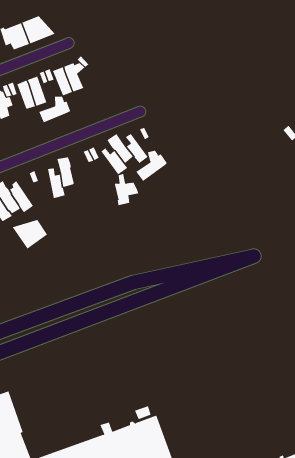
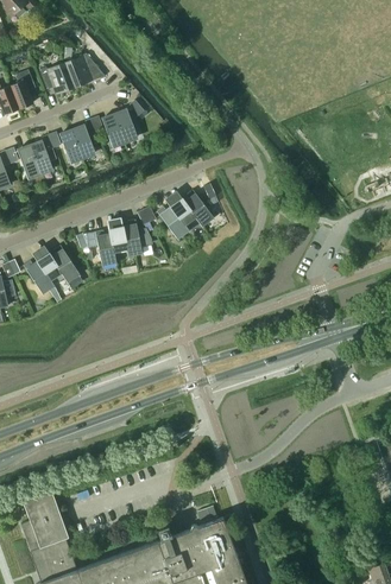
building: [39,96,71,123] -> none
building: [135,150,168,182] -> none
building: [114,173,139,206] -> [122,218,152,256]
building: [12,219,48,249] -> none

